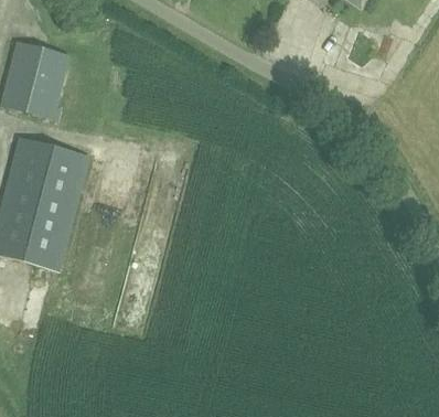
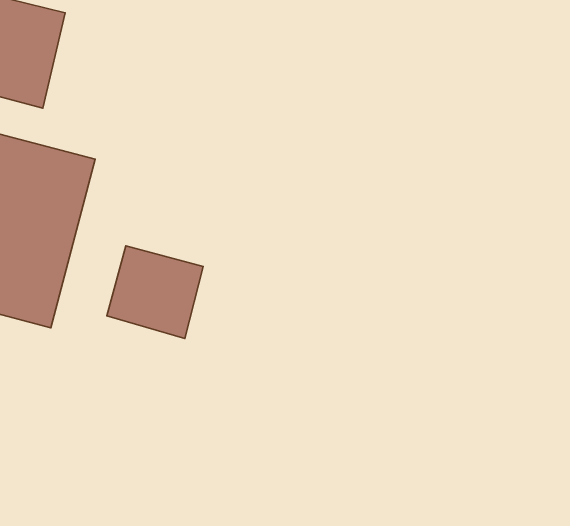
building: none -> [107,246,203,338]

